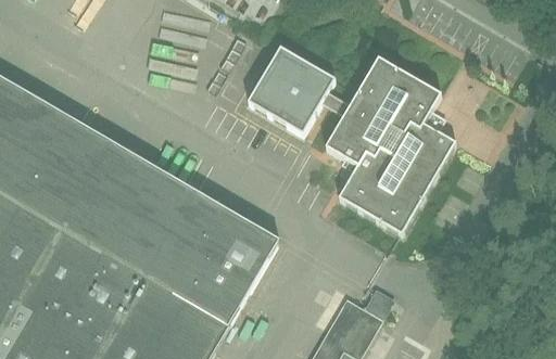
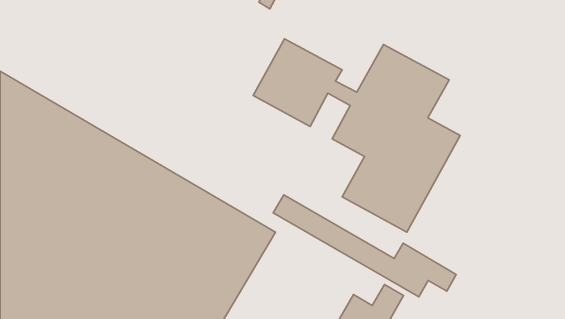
building: none -> [273,195,456,297]

